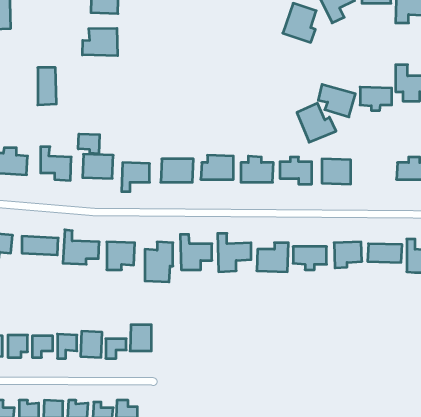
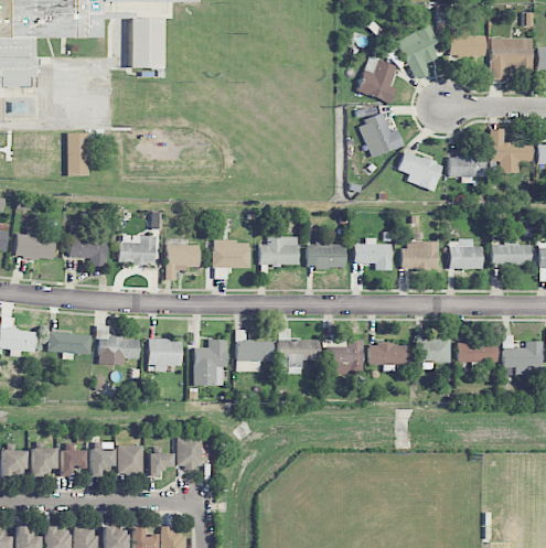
building: [82,28,118,56] -> none
building: [297,103,336,142] -> [358,112,405,159]
building: [78,134,100,154] -> none
building: none -> [450,239,483,268]

